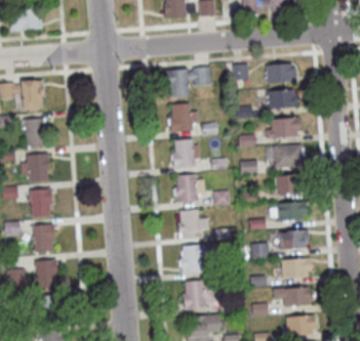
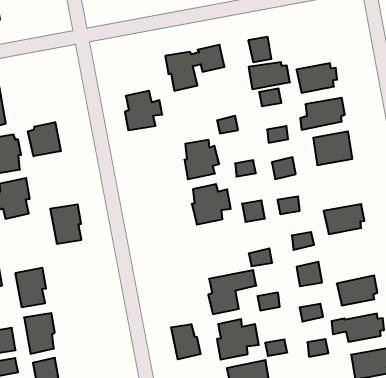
building: [266,65,296,83] -> [249,62,290,89]
building: [169,103,198,132] -> [125,91,162,130]
building: none -> [28,122,61,156]
building: [270,175,305,196] -> none
building: [29,189,51,218] -> [50,204,81,244]
building: [177,210,208,239] -> none
building: [278,230,310,250] -> none
building: none -> [171,324,201,359]

